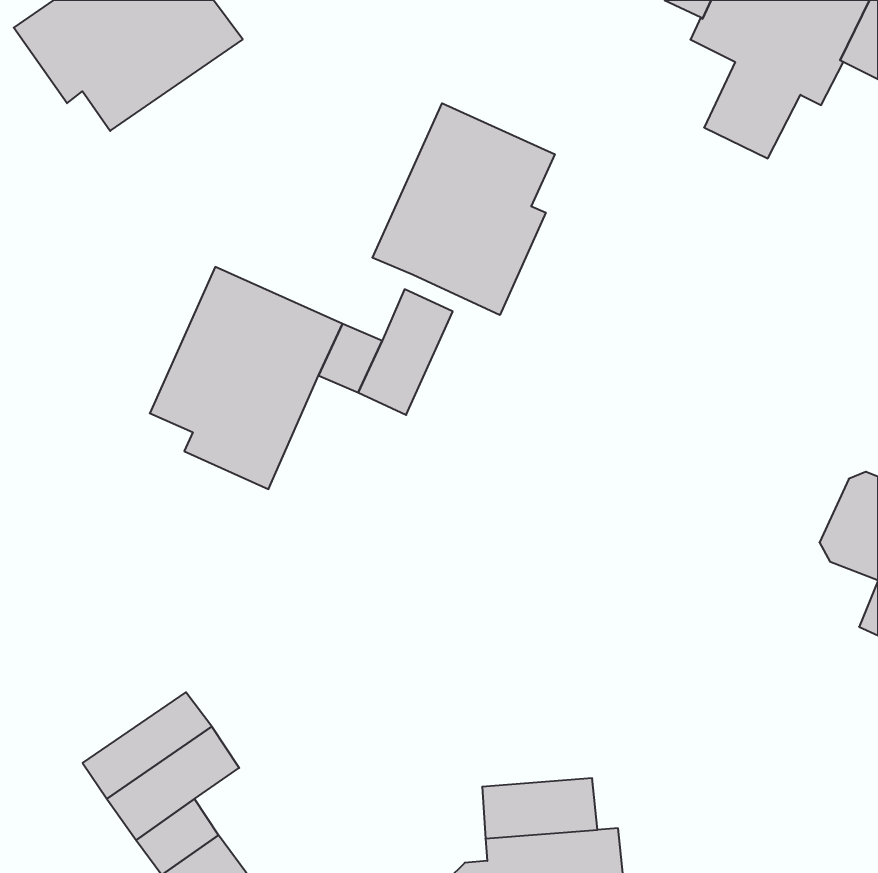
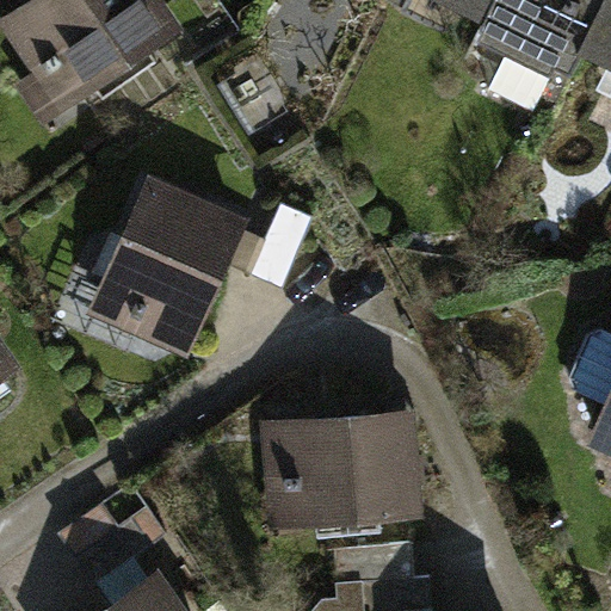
building: [372,103,555,315] -> none
building: none -> [276,418,409,523]

